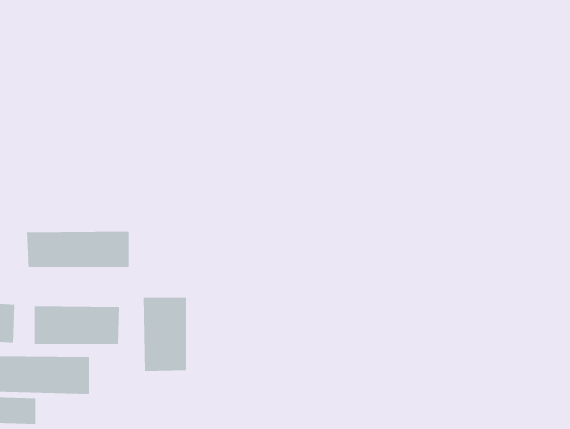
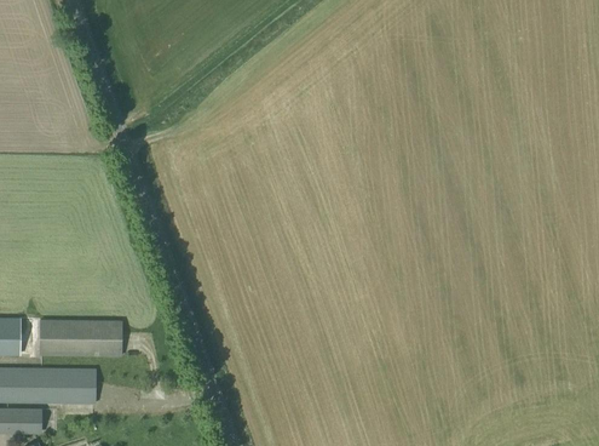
building: [27,231,129,268] -> none
building: [143,297,186,372] -> none

